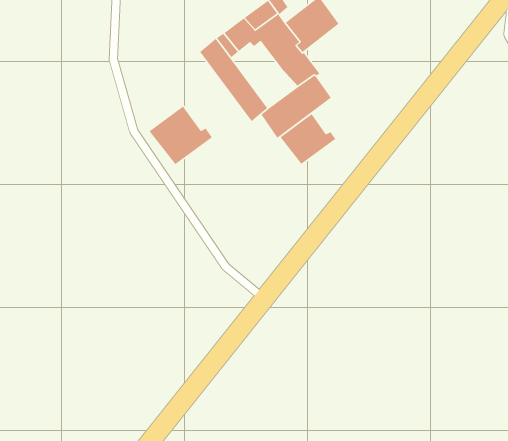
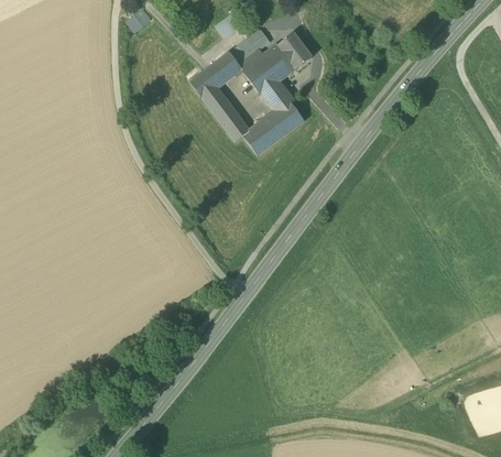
building: [149,105,213,165] -> none
building: [279,113,336,165] -> none

